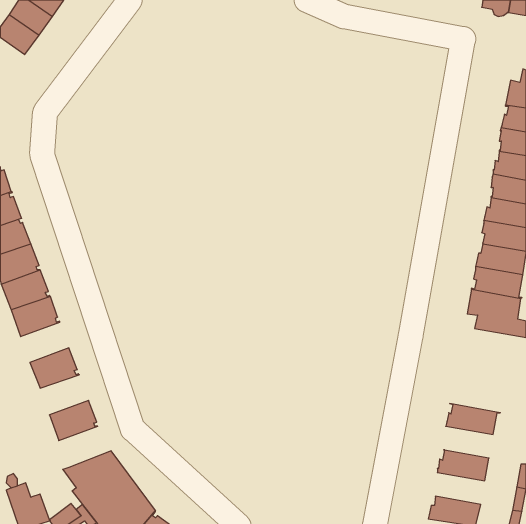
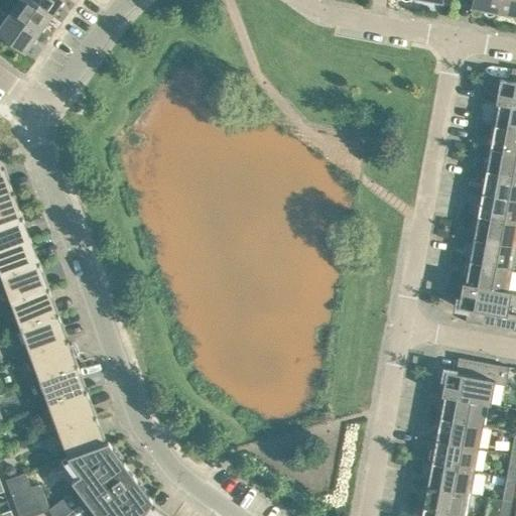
building: none -> [20,317,68,357]
building: none -> [440,359,509,406]
building: none -> [39,369,87,408]
building: none -> [57,419,109,460]
building: none -> [434,419,483,450]
building: none -> [426,465,475,496]

